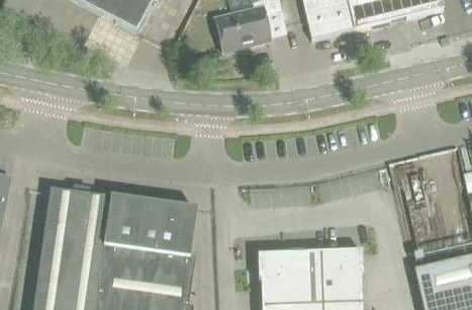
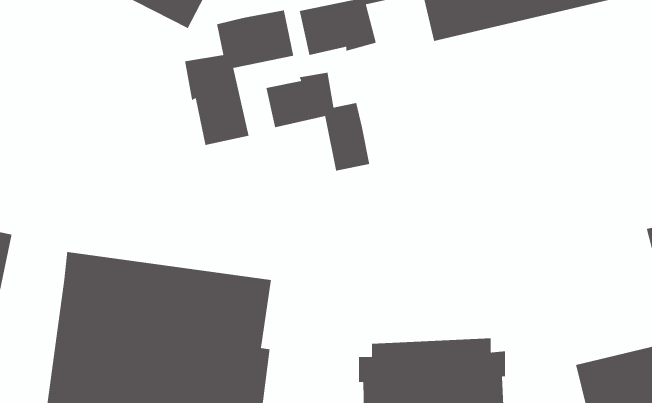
building: none -> [184,10,294,146]
building: none -> [266,72,370,172]

